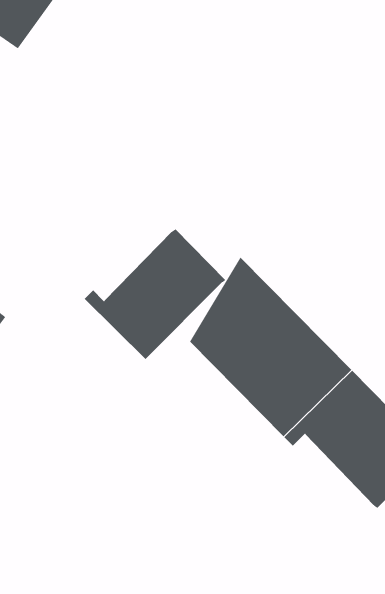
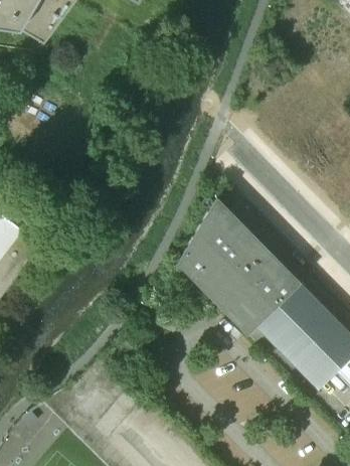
building: [84,229,226,360] -> none

